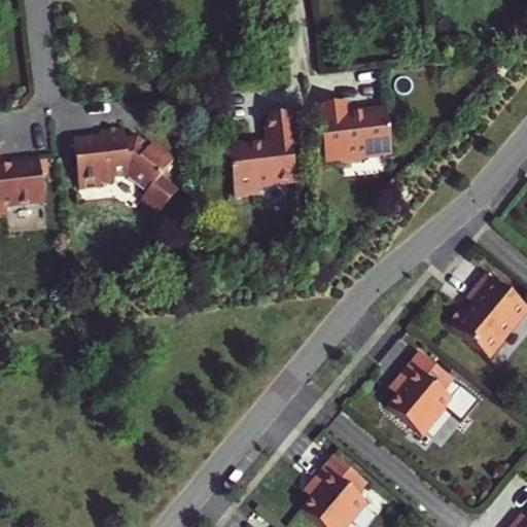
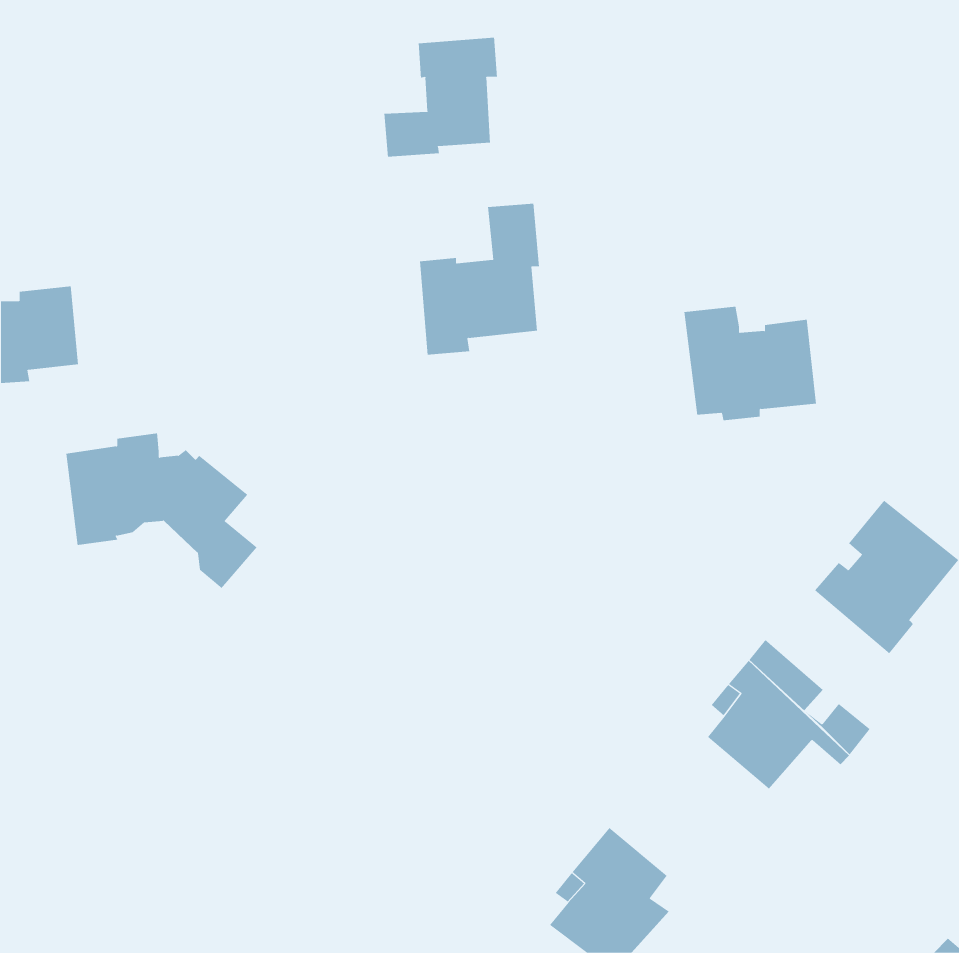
building: none -> [384,37,498,157]
building: [319,99,392,162] -> [683,306,817,421]
building: [74,126,179,211] -> [66,433,257,589]

